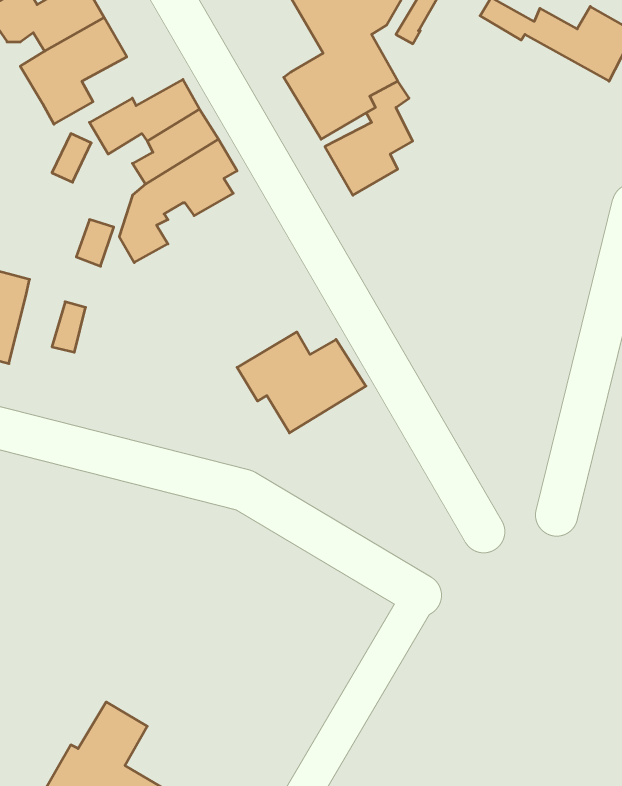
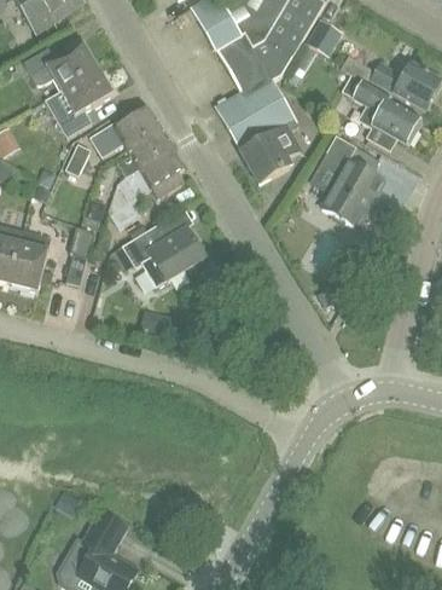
building: none -> [341,68,421,150]
building: none -> [321,137,385,229]
building: [237,332,366,433] -> [122,222,205,288]

